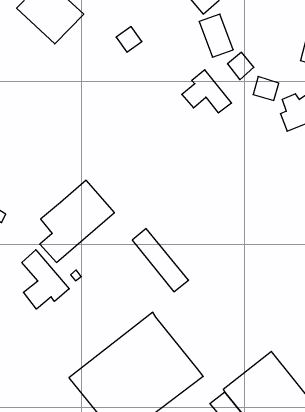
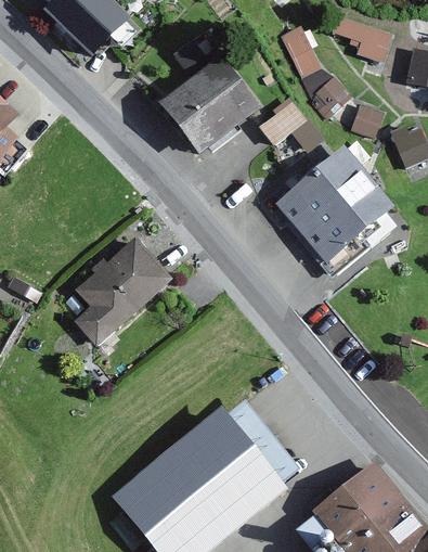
building: none -> [332,11,393,56]
building: none -> [158,59,259,157]
building: none -> [273,146,393,266]
building: [132,229,189,292] -> [224,401,298,484]
building: [22,250,69,309] -> none

